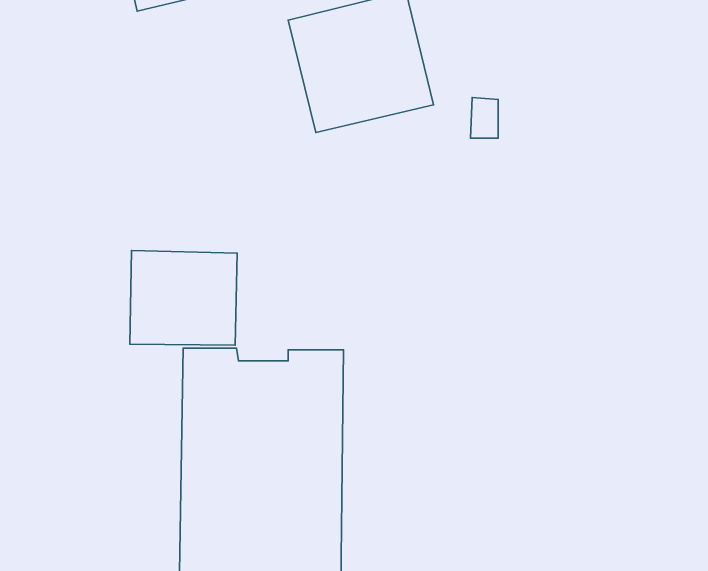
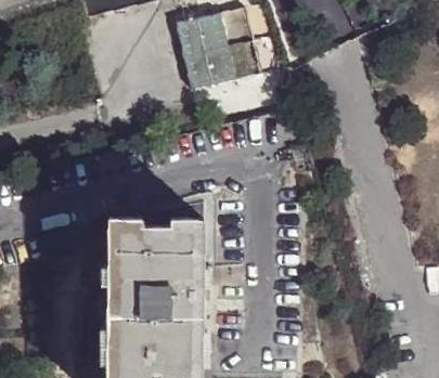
building: [130,251,237,345] -> none

